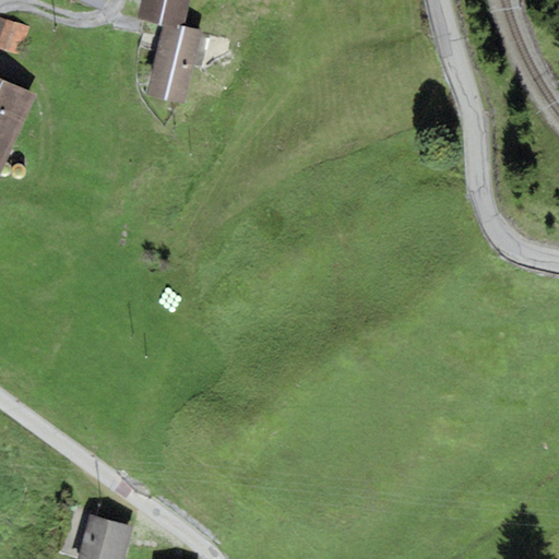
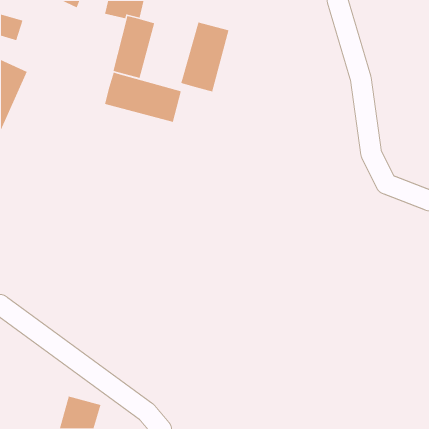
building: none -> [180,21,230,93]
building: none -> [104,72,182,123]

